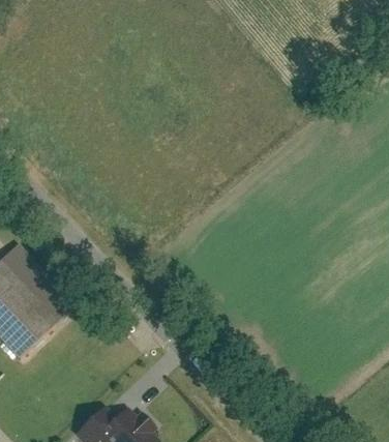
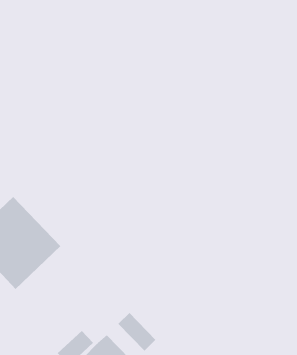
building: none -> [118,312,156,351]

